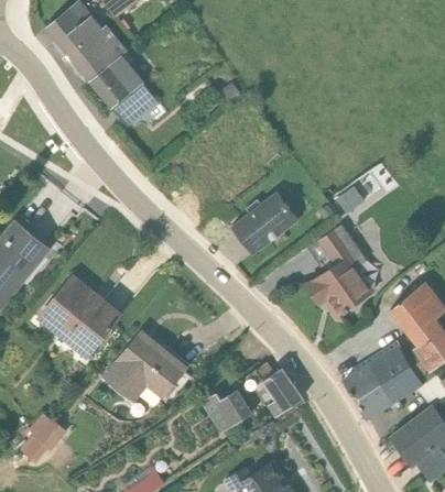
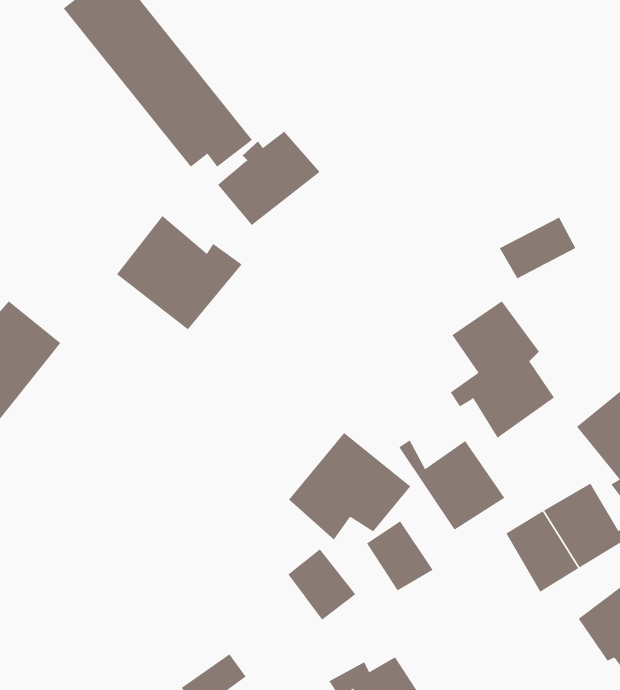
building: [230,190,300,254] -> [217,131,320,226]
building: [36,281,121,358] -> [116,215,242,330]
building: none -> [398,439,505,531]
building: [104,331,186,404] -> [288,432,411,541]
building: [21,408,69,458] -> none

